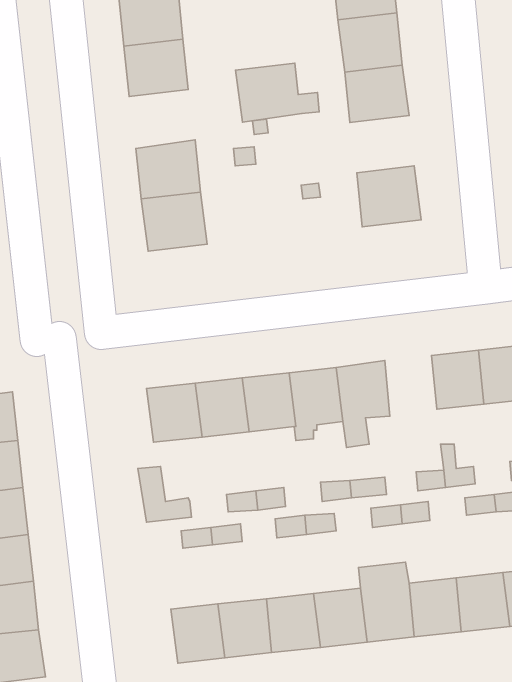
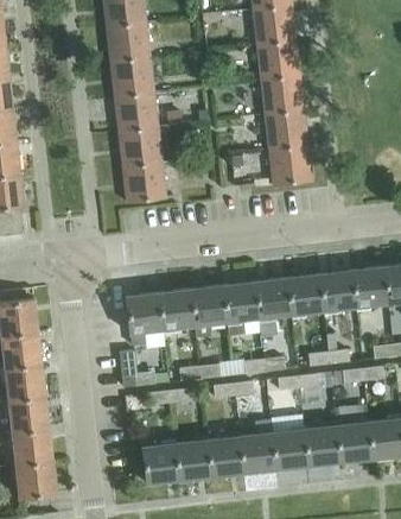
building: [236,63,319,122] -> [113,93,170,133]
building: none -> [263,110,307,150]
building: none -> [287,274,323,316]

